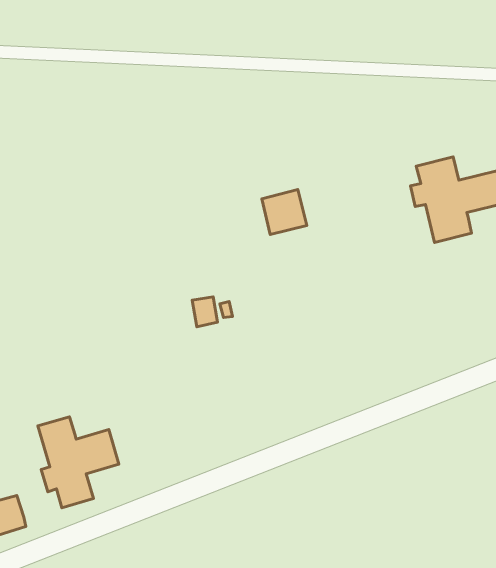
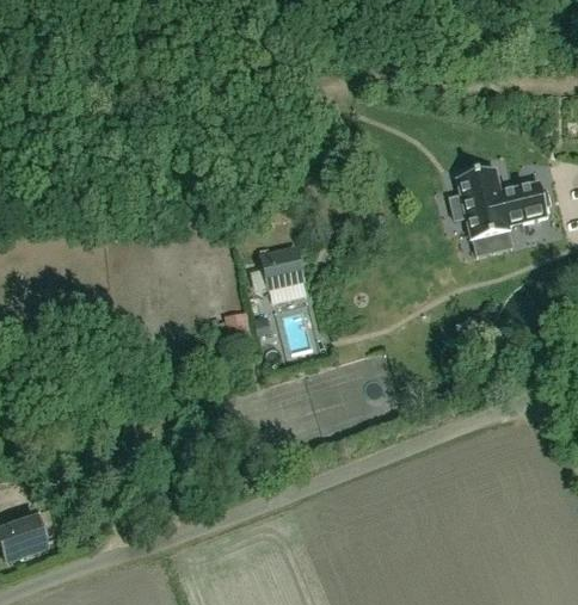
building: [262,190,307,235] -> [257,242,303,289]
building: [38,417,119,508] -> none

